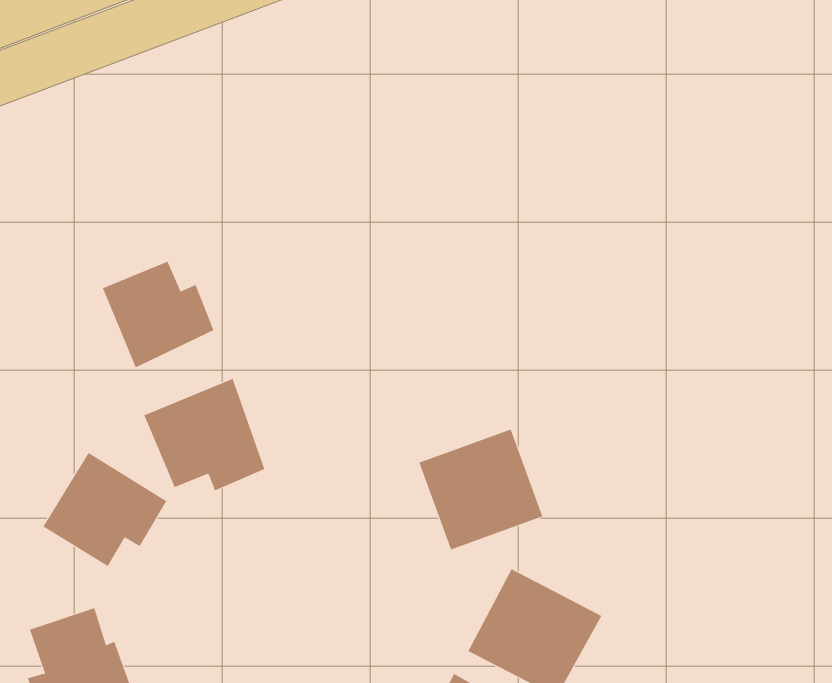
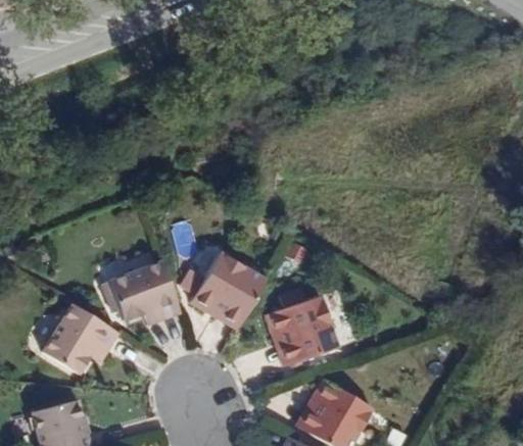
building: [102,261,214,368] -> none
building: none -> [186,252,264,331]

